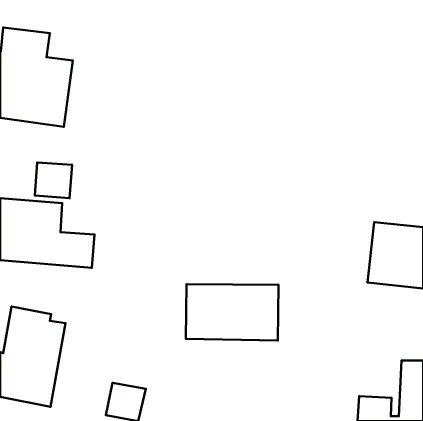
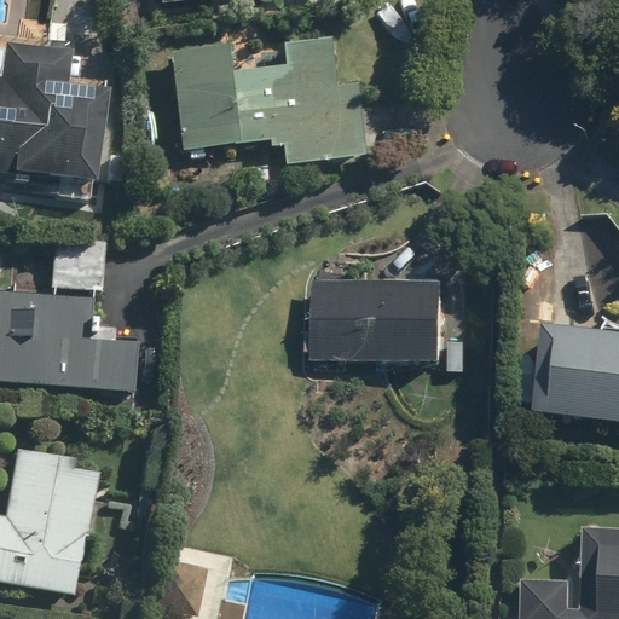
building: none -> [169,36,364,163]
building: [186,284,279,340] -> [311,279,446,361]

